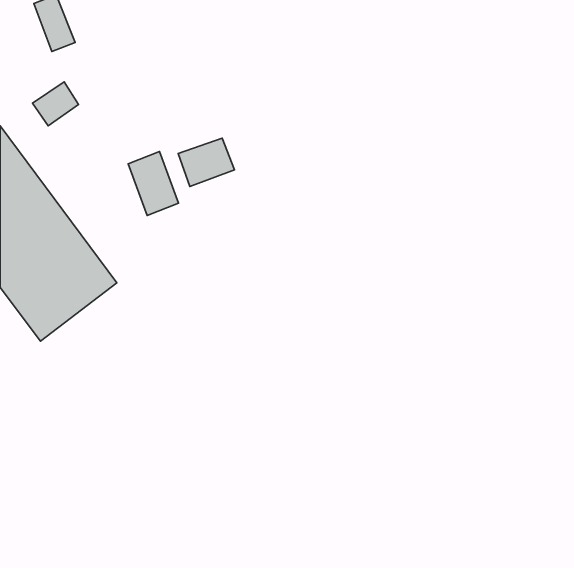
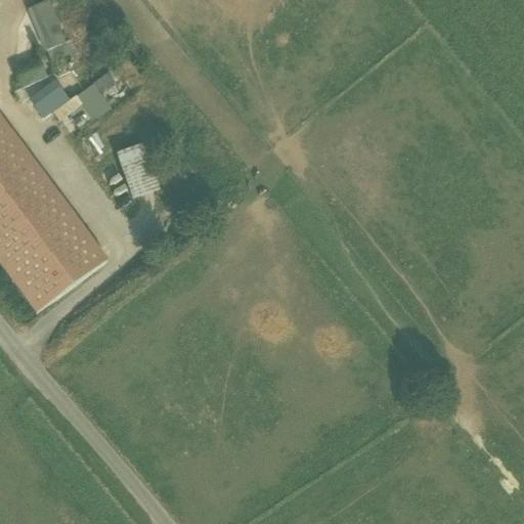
building: none -> [77,70,117,117]
building: [178,138,235,186] -> none

